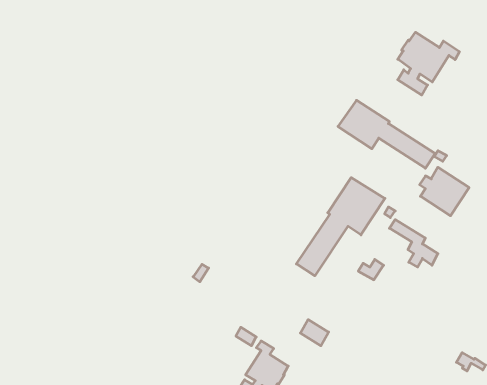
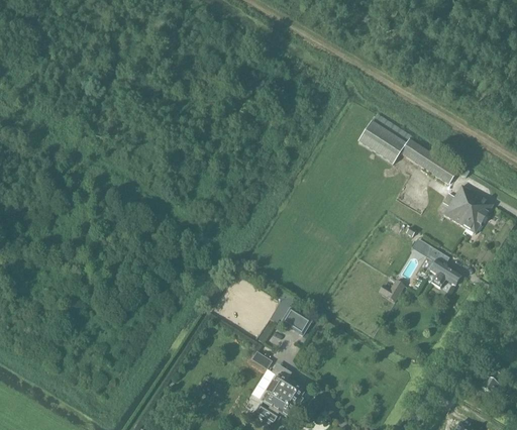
building: [398,32,459,95] -> none
building: [296,178,385,276] -> none
building: [300,320,329,346] -> [281,307,310,334]

